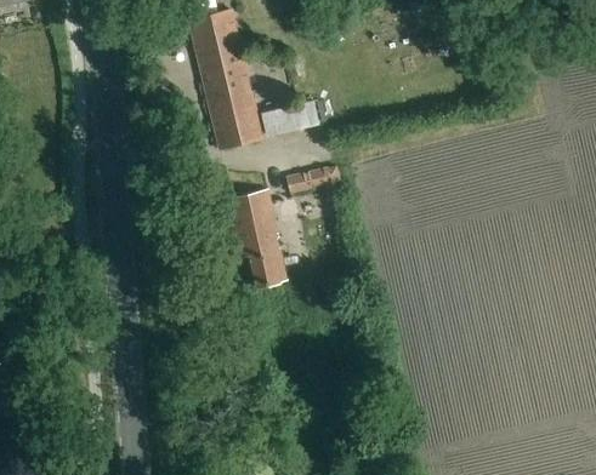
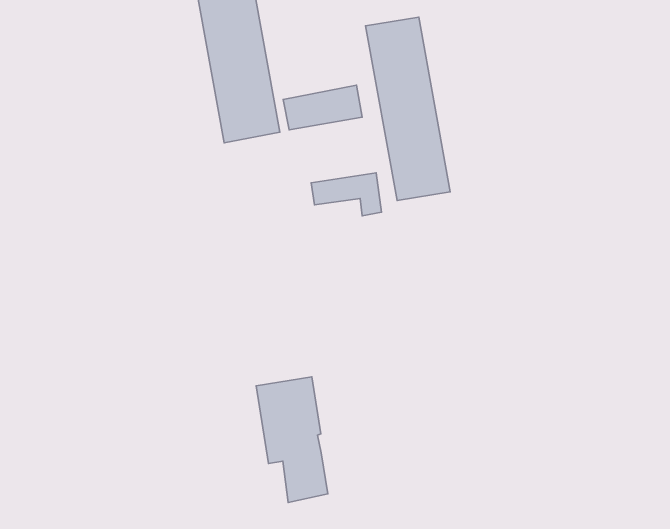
building: none -> [366,17,450,201]
building: [229,188,290,286] -> [256,377,328,502]

